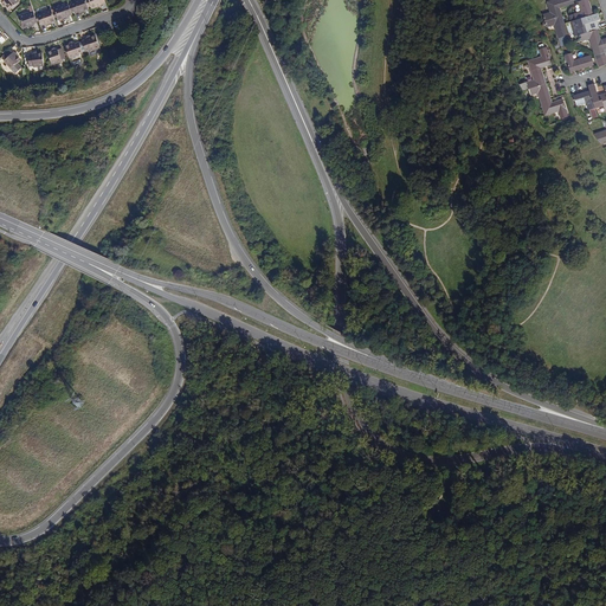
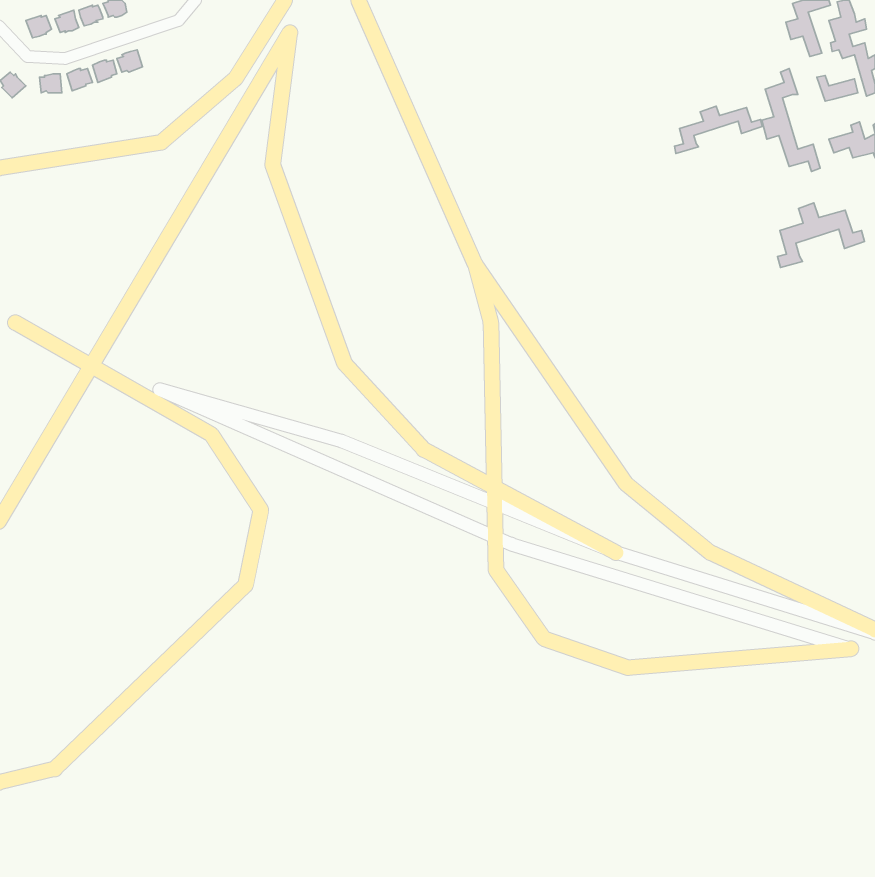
building: none -> [674,106,762,153]
building: none -> [778,203,864,268]

